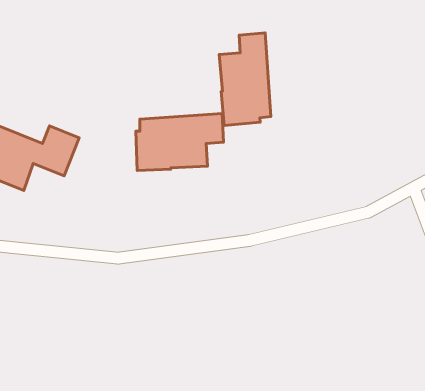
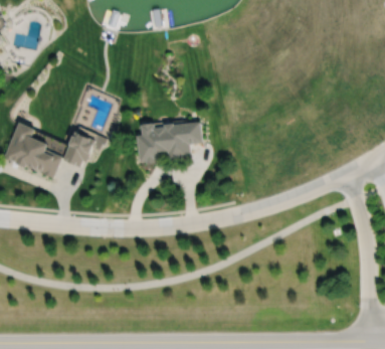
building: [219,33,271,126] -> none

